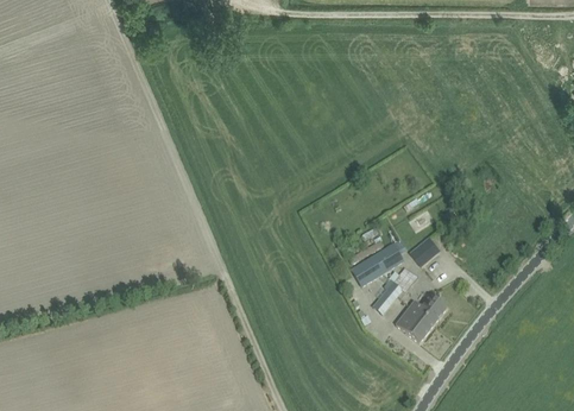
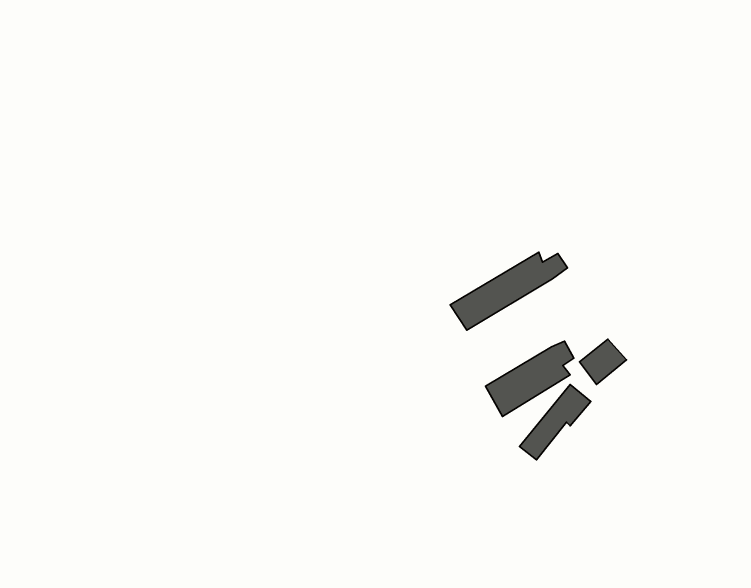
building: none -> [450,252,567,330]
building: [396,295,447,343] -> none

